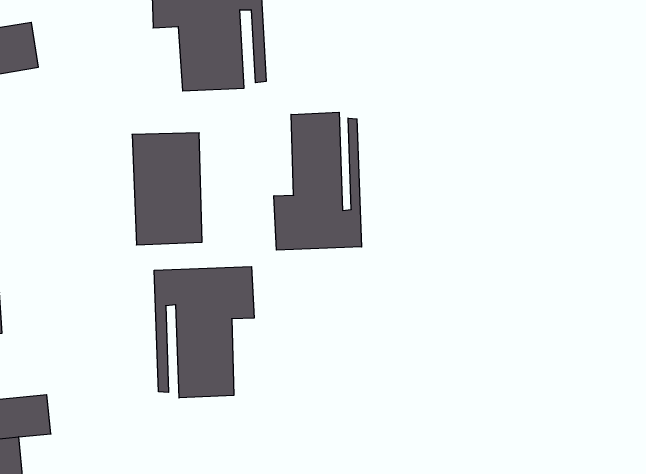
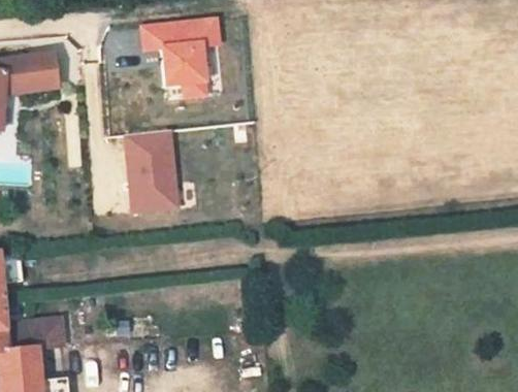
building: [274,112,362,250] -> none
building: [154,267,254,398] -> none

